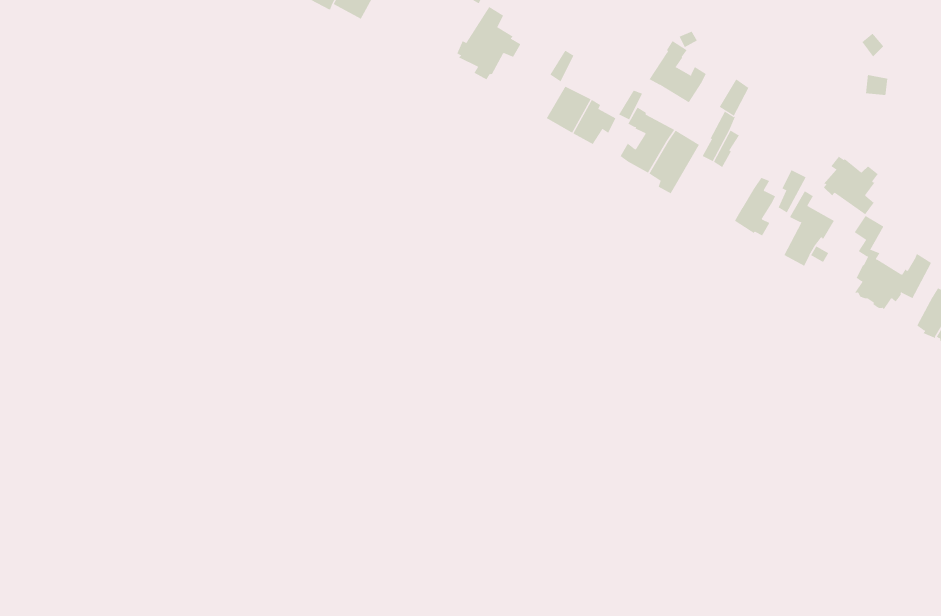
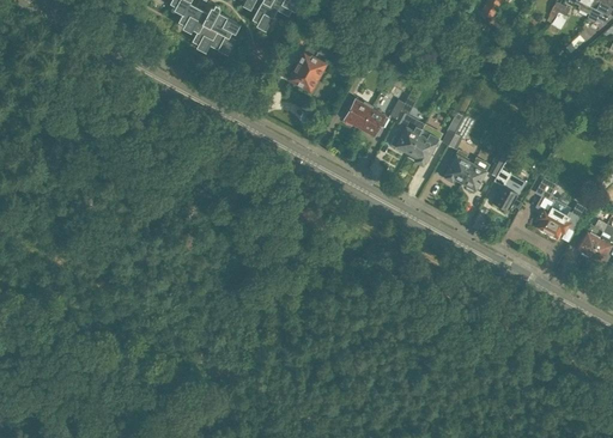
building: [649,40,707,103] -> none
building: [823,156,879,215] -> none
building: none -> [444,148,474,182]

